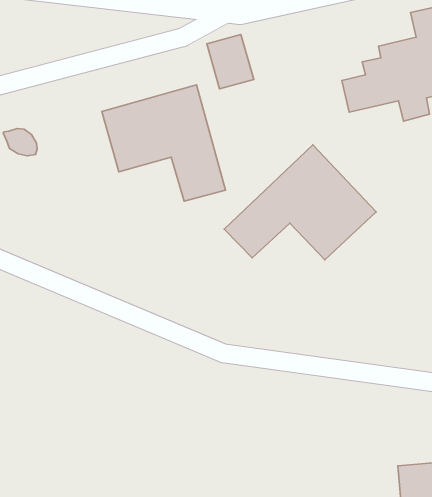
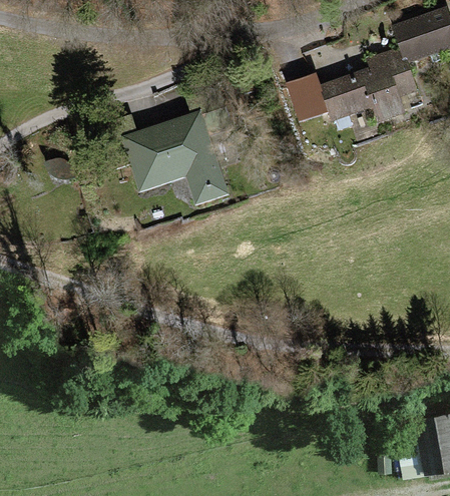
building: [207,35,254,89] -> [279,76,323,125]
building: [224,145,376,260] -> none

